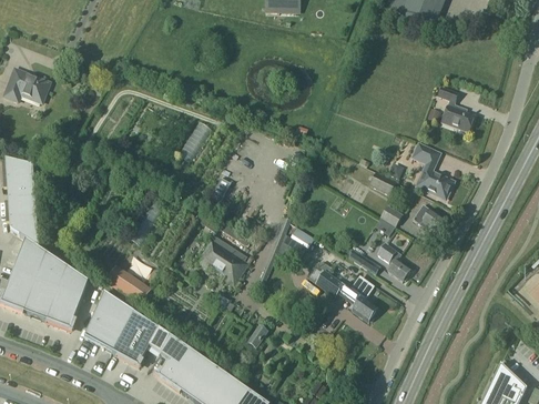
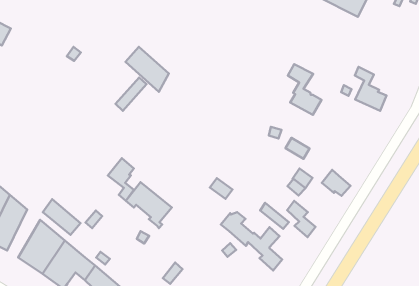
building: none -> [125,47,169,92]
building: [414,143,454,198] -> [288,64,321,115]
building: none -> [108,158,134,201]

